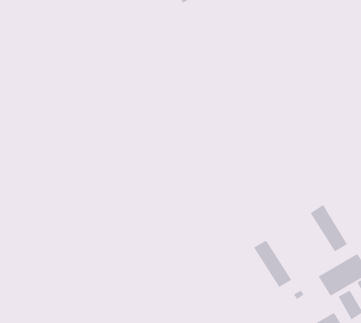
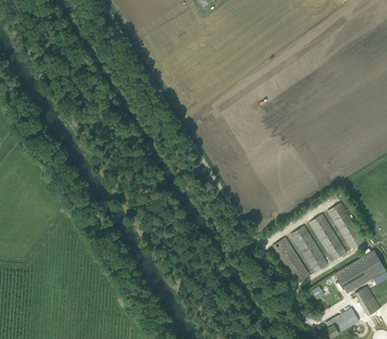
building: none -> [309,214,346,261]
building: none -> [290,225,327,272]

